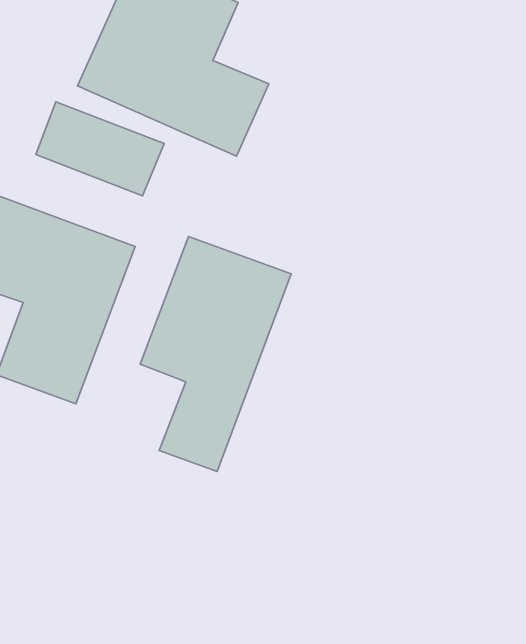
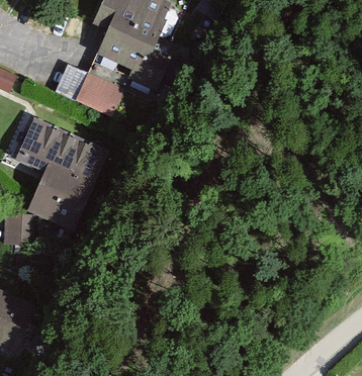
building: [140,237,291,472] -> none

